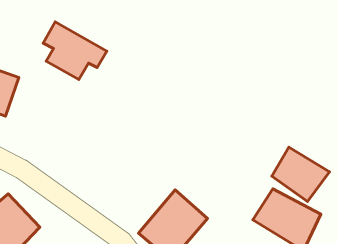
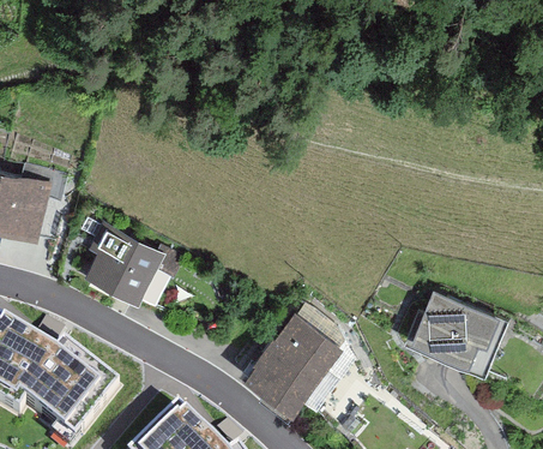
building: [43,22,107,80] -> [85,222,177,300]
building: [272,147,329,201] -> none

